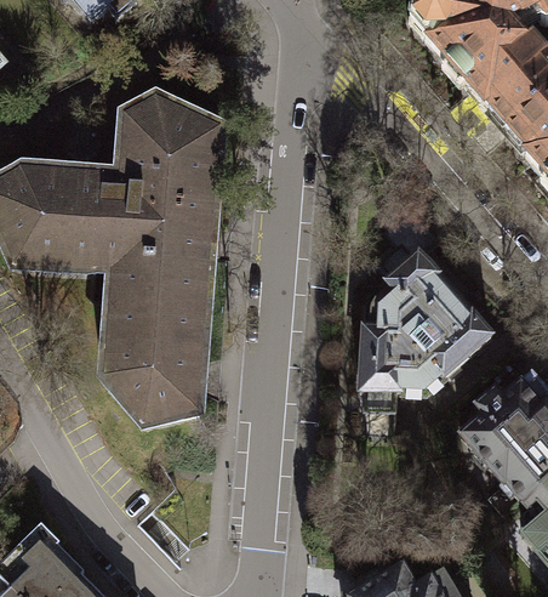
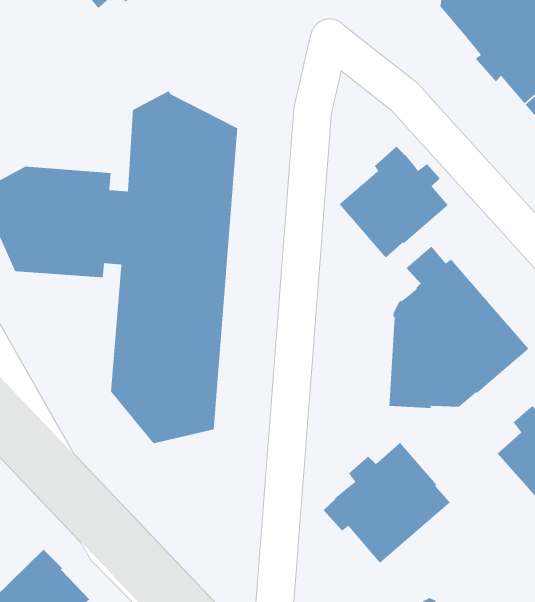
building: none -> [339,146,449,258]
building: none -> [323,442,451,564]

